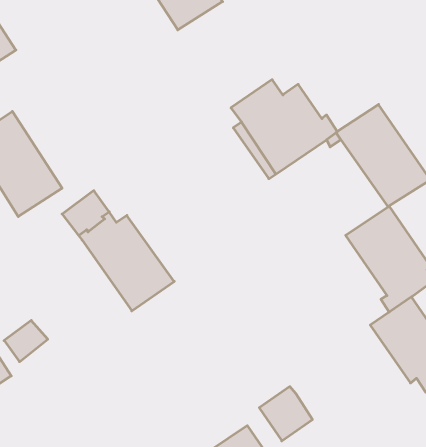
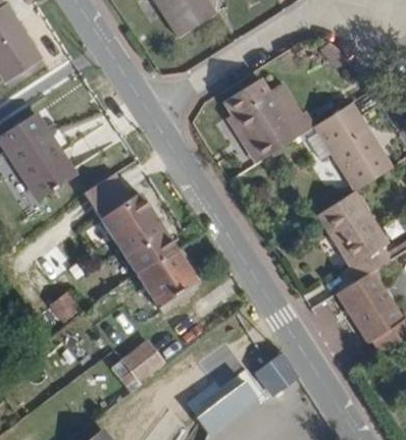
building: none -> [139,254,195,307]
building: none -> [113,339,158,382]

